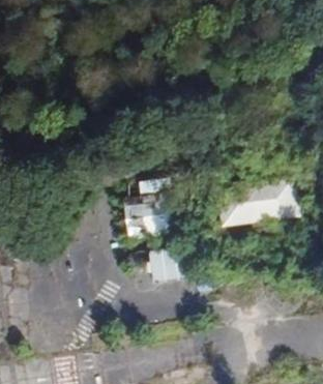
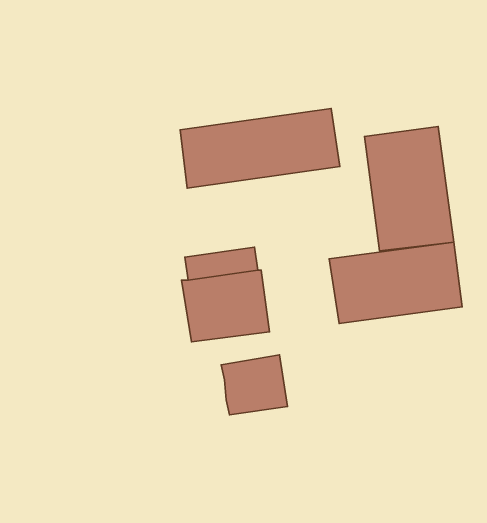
building: none -> [180,109,340,188]
building: none -> [365,126,454,251]

